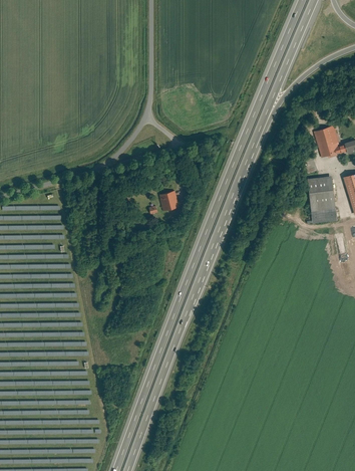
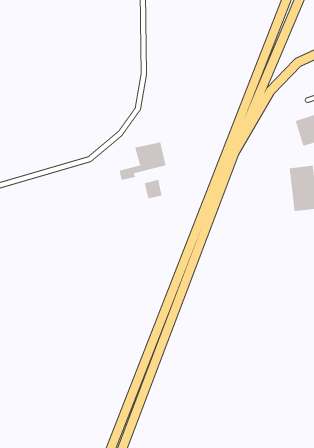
building: none -> [119,141,166,180]

